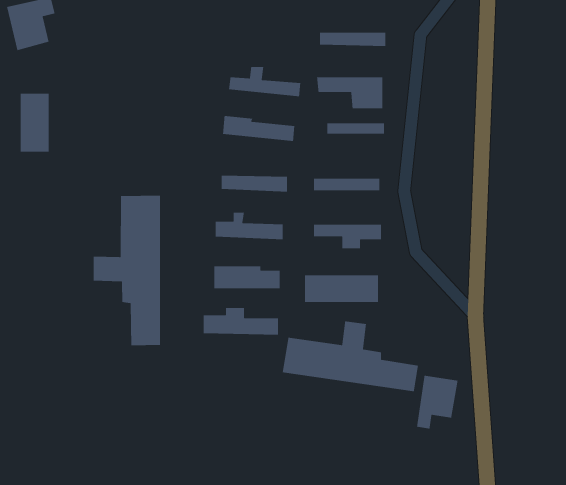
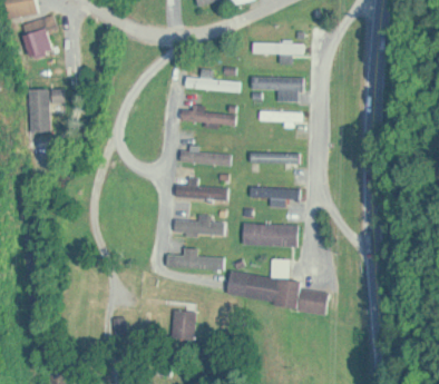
building: [93,195,161,346] -> none
building: [416,375,459,430] -> none
building: none -> [172,312,196,343]

